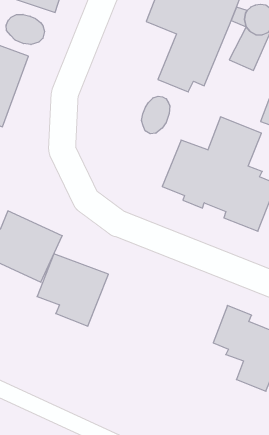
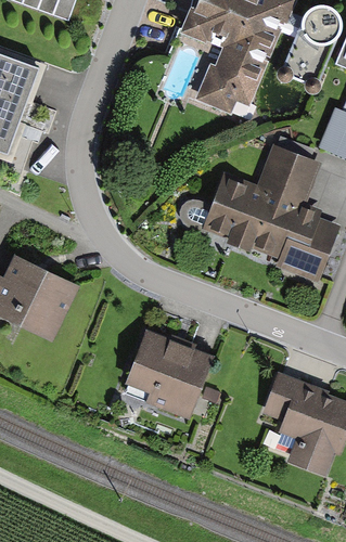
building: [6,14,45,45] -> none
building: [142,96,170,134] -> none
building: [37,254,108,326] -> [125,331,212,418]

